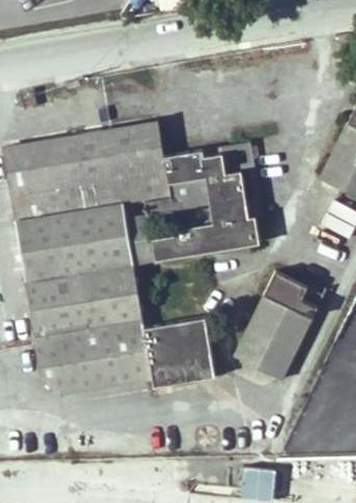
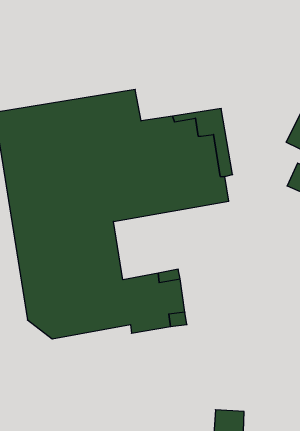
building: [235,271,319,380] -> none

